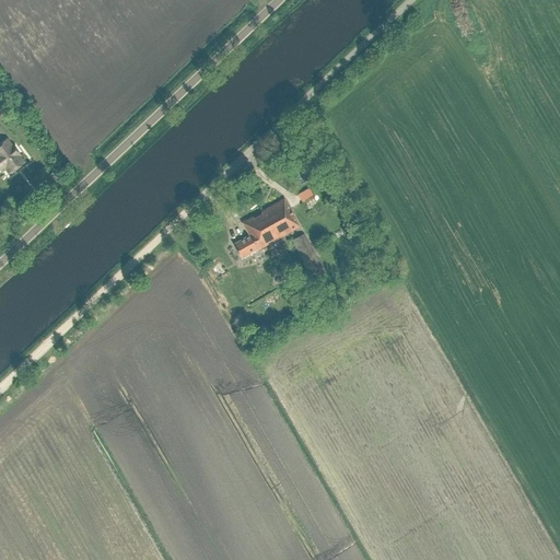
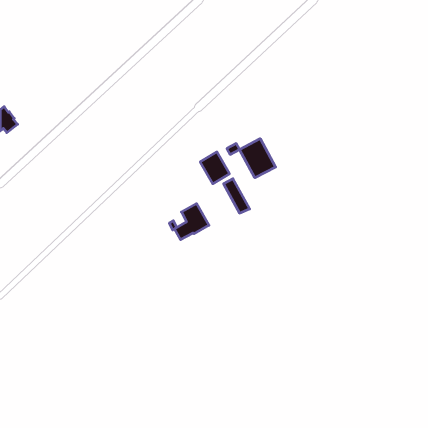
building: none -> [240,139,276,178]
building: [233,211,278,258] -> [175,204,209,240]

